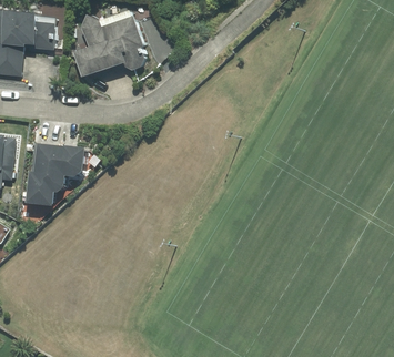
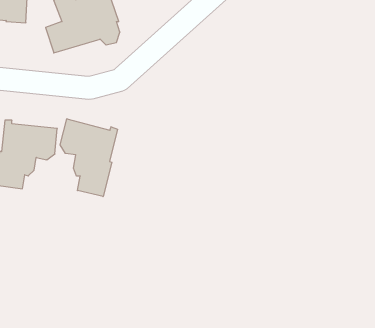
building: none -> [60,119,118,197]

